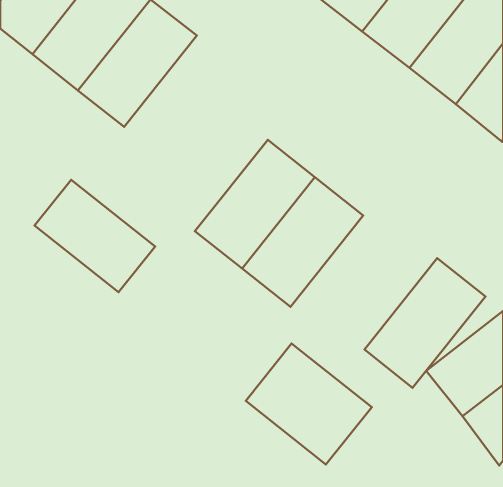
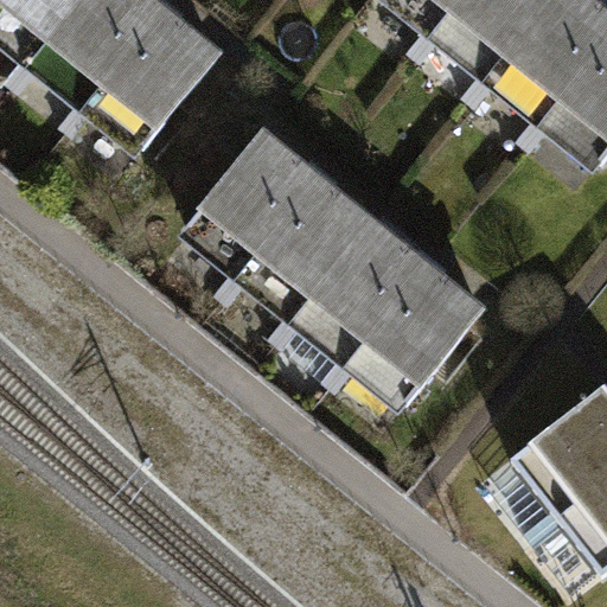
building: none -> [177,122,322,279]
building: [35,180,155,292] -> none
building: [364,258,485,388] -> [350,260,496,416]
building: [246,343,372,464] -> none

